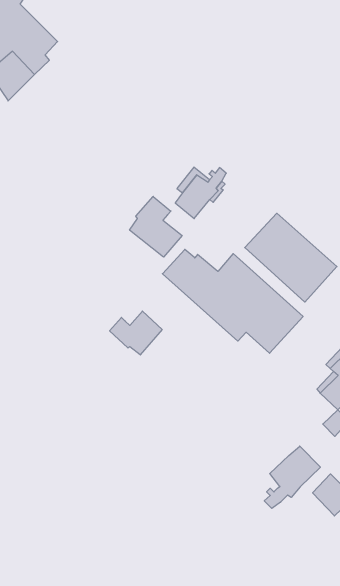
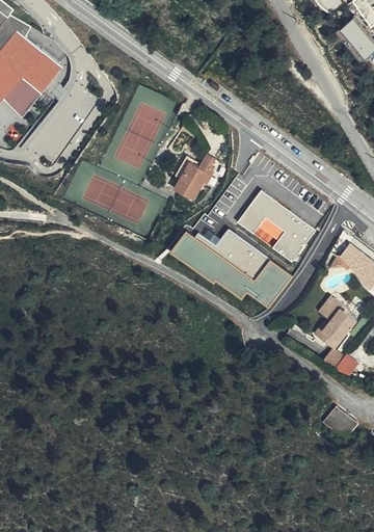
building: [130,196,182,257] -> none
building: [110,311,162,355] -> none
building: [264,446,320,508] -> none

